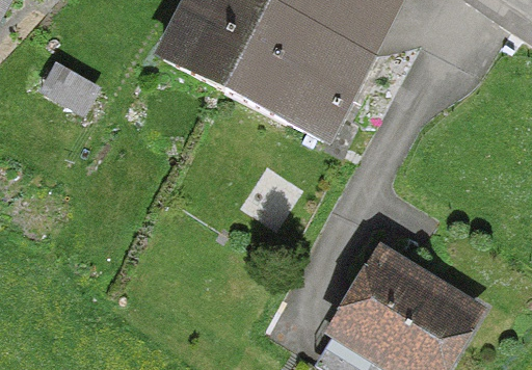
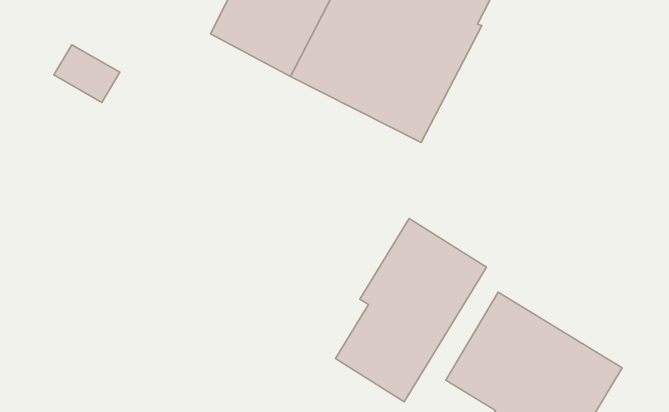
building: none -> [336,218,487,402]

